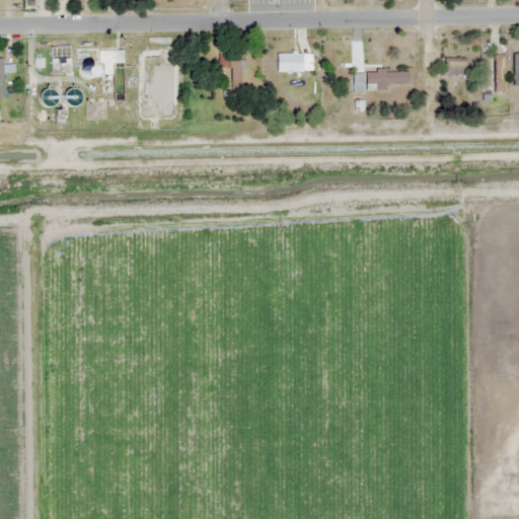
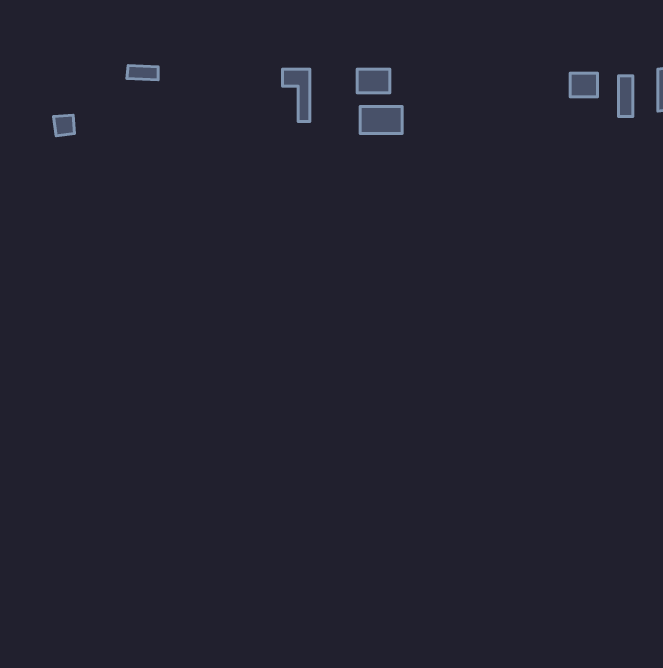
building: [368,71,411,89] -> none
building: none -> [360,106,402,134]

